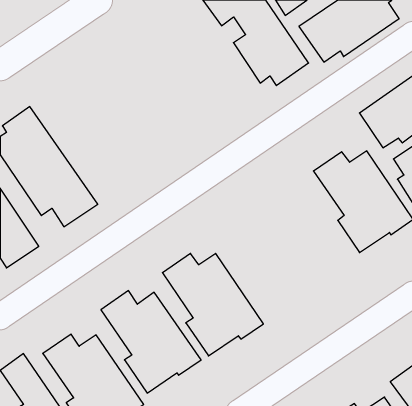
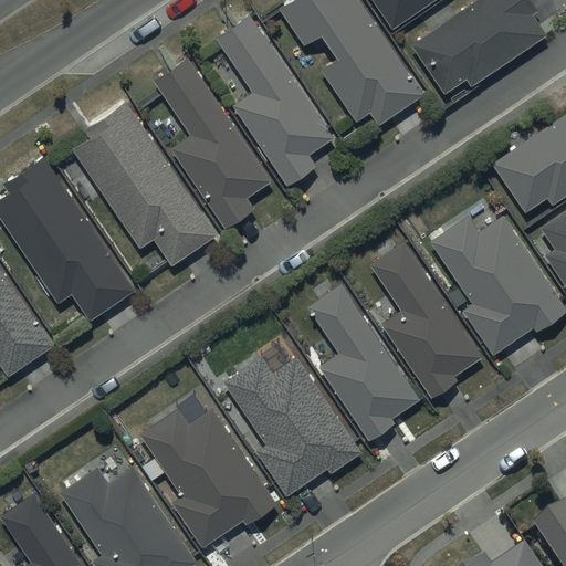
building: none -> [214,13,334,185]
building: none -> [153,56,272,227]
building: none -> [72,98,217,264]
building: none -> [369,241,482,397]
building: none -> [307,283,420,440]

